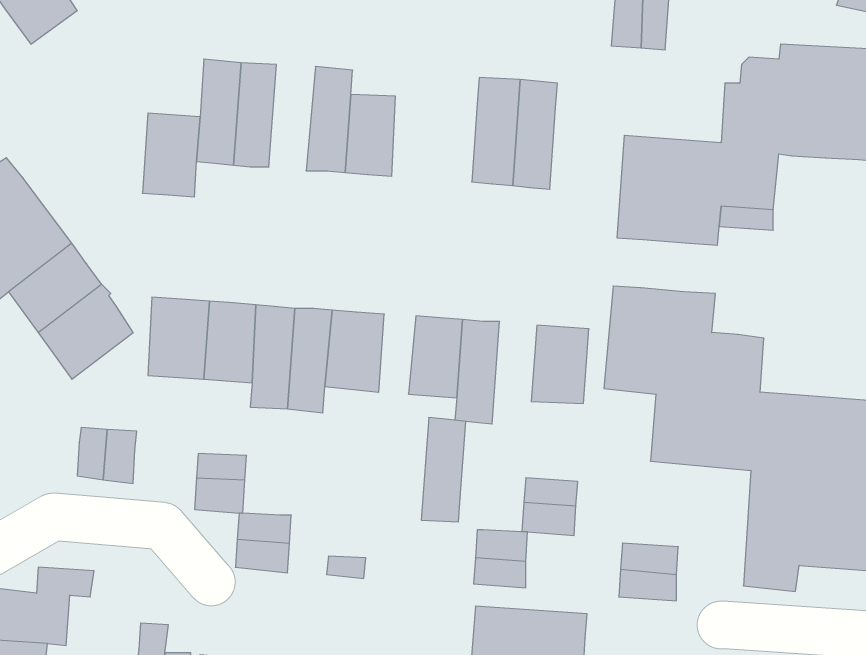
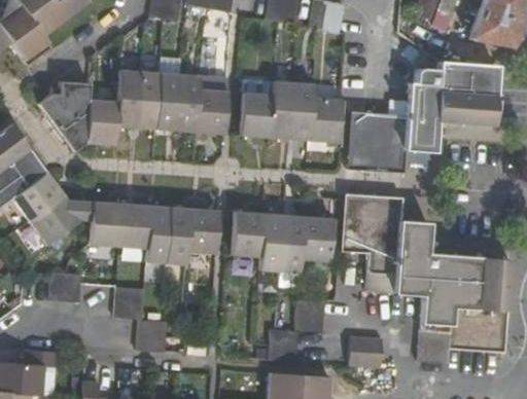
building: none -> [155,72,181,131]
building: none -> [38,82,90,150]
building: none -> [240,92,271,137]
building: none -> [311,96,342,142]
building: [421,418,466,522] -> [279,214,304,271]

